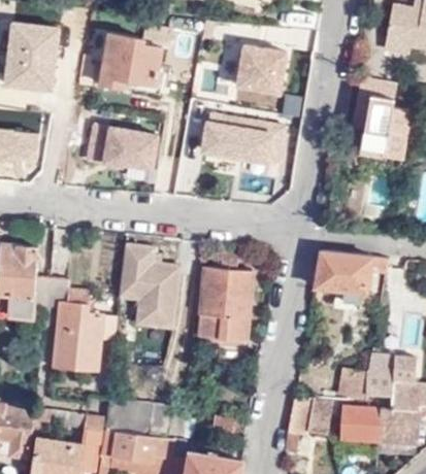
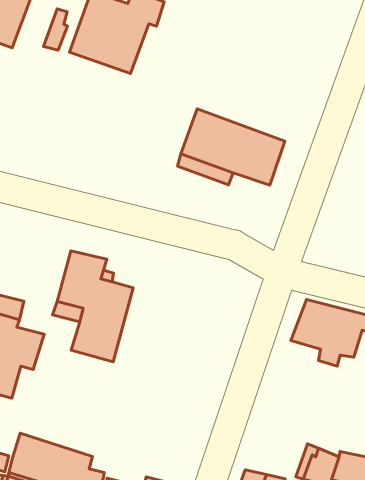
building: [229,41,285,95] -> none
building: [81,121,157,171] -> none
building: [200,251,253,341] -> none

